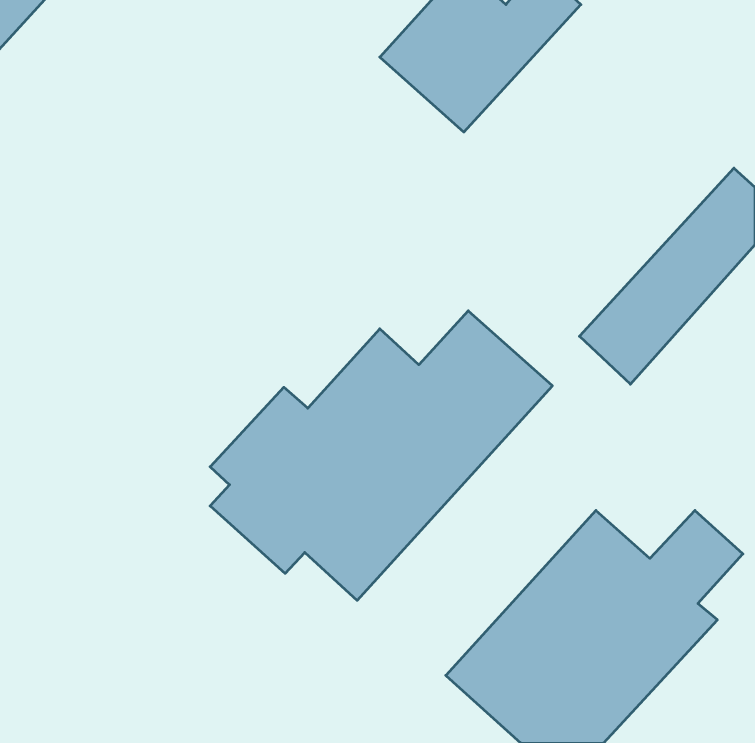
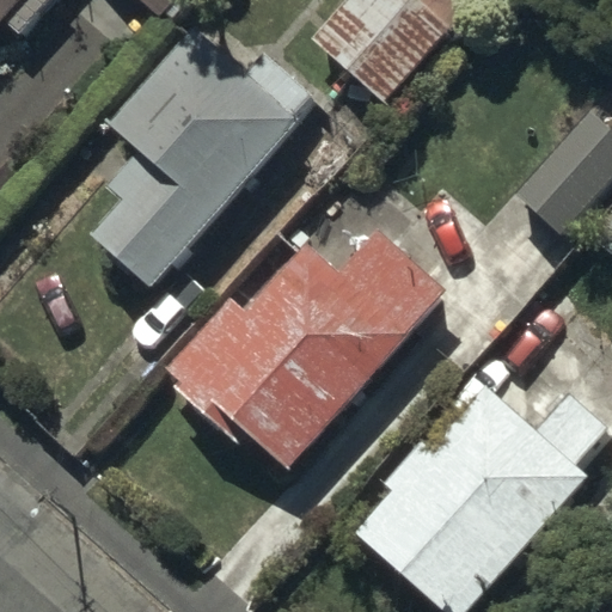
building: none -> [92,38,308,294]

